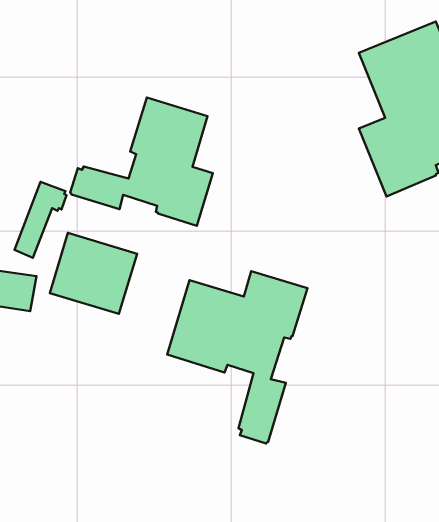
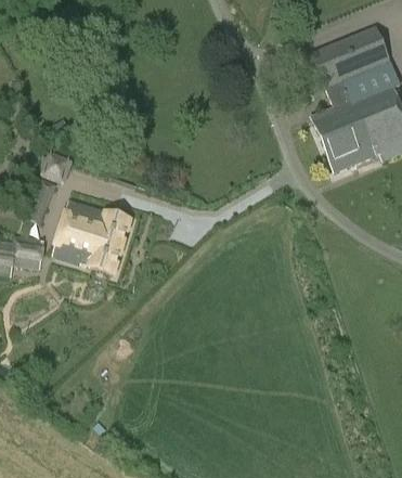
building: [70,98,213,226] -> none
building: [167,271,308,443] -> none

